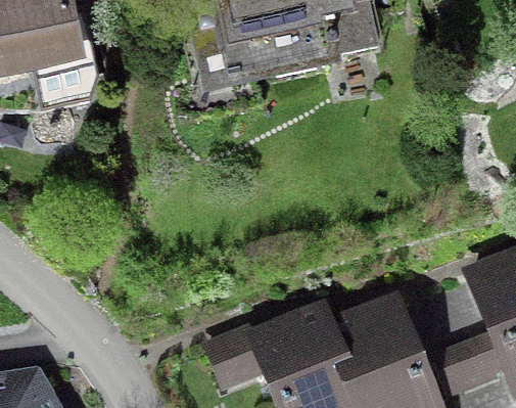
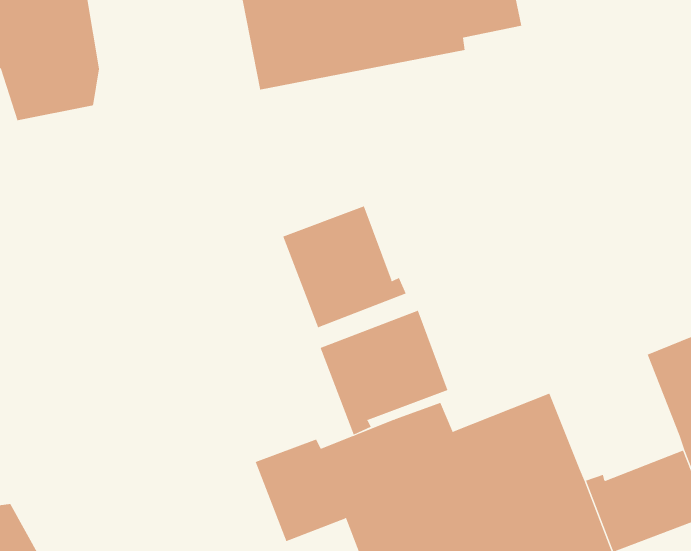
building: none -> [282,205,407,328]
building: none -> [320,310,448,435]

